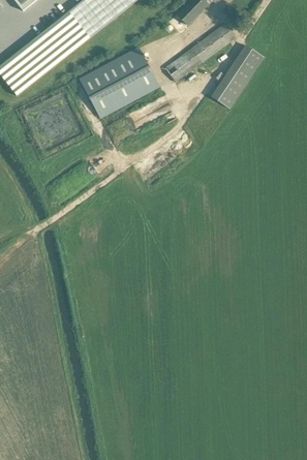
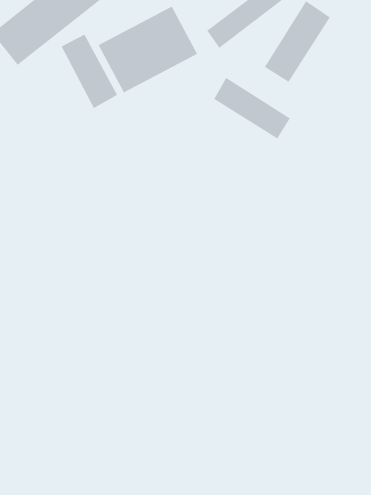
building: none -> [61,33,118,109]
building: none -> [213,77,291,139]

